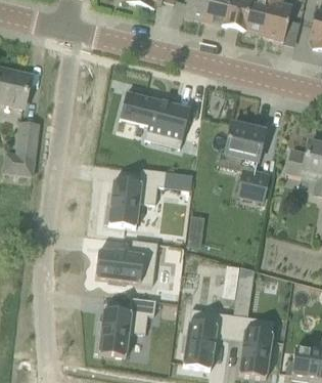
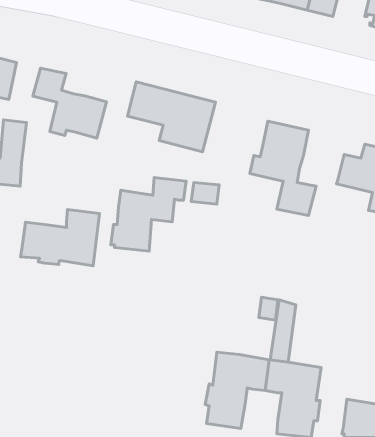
building: none -> [33,68,106,138]
building: [95,240,158,285] -> [20,210,100,266]
building: [96,297,156,356] -> none

